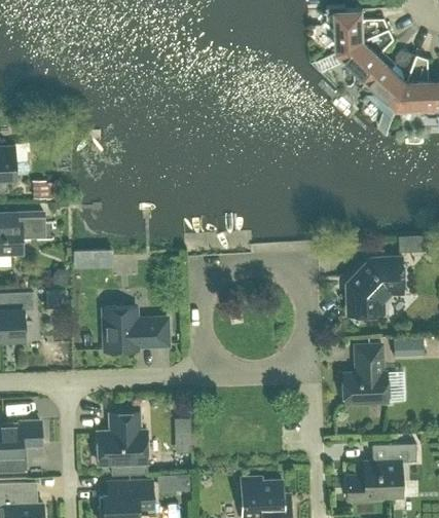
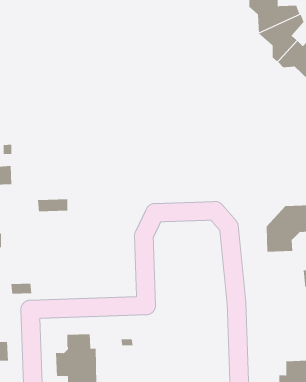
building: [103,307,169,353] -> none
building: [343,345,388,404] -> none

